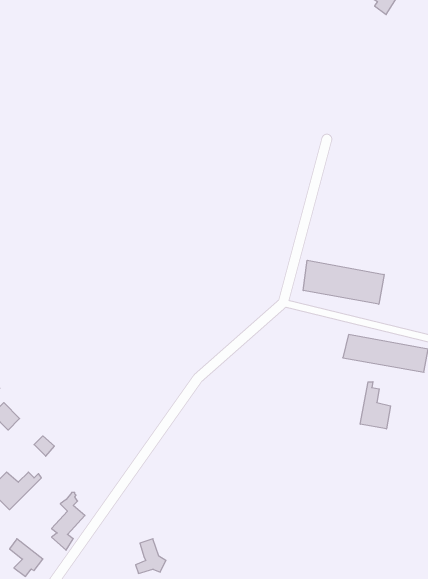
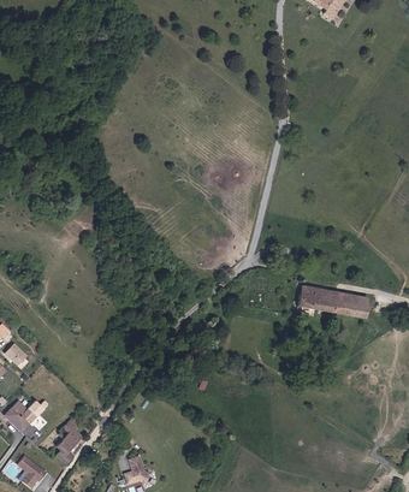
building: [303,260,384,304] -> none
building: [360,382,391,429] -> none

